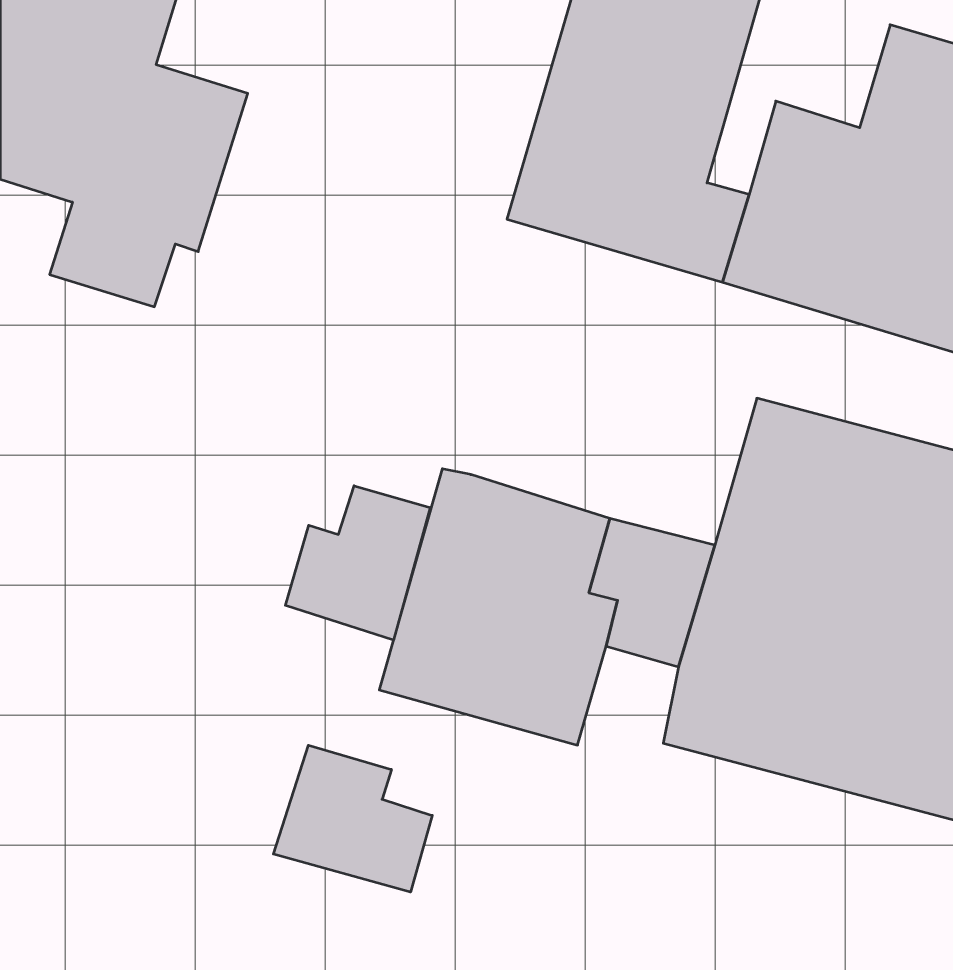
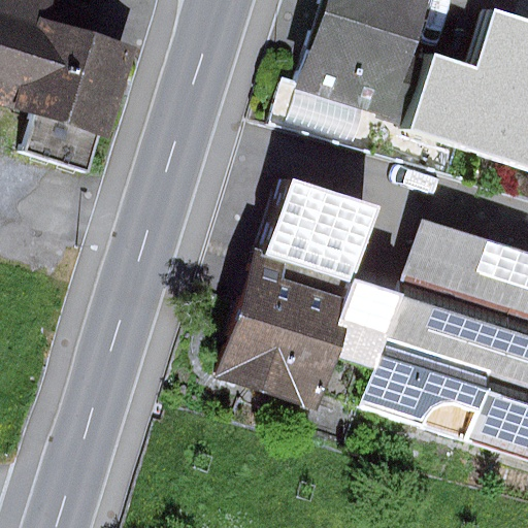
building: none -> [266,178,366,280]
building: [285,486,430,640] -> none
building: [273,745,432,892] -> none

